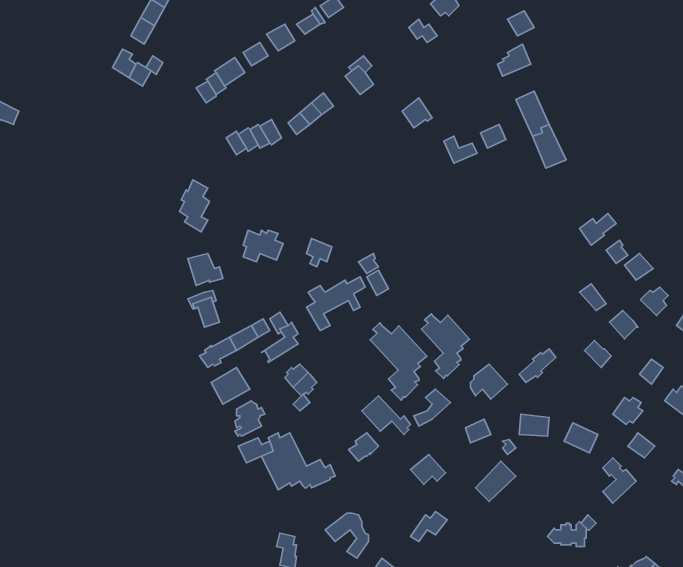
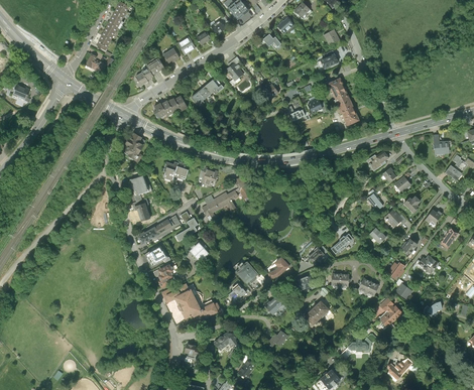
building: [421,314,470,379] -> none
building: [370,323,427,400] -> none

